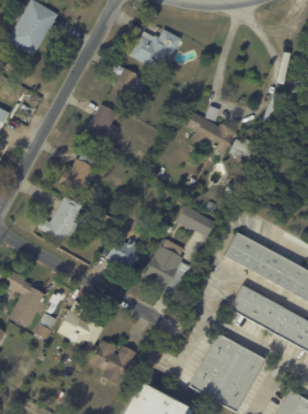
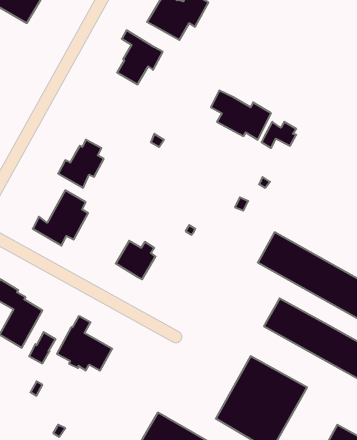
building: [83,103,118,150] -> none
building: [176,204,215,236] -> none
building: [145,239,193,290] -> none
building: [91,340,136,385] -> none

